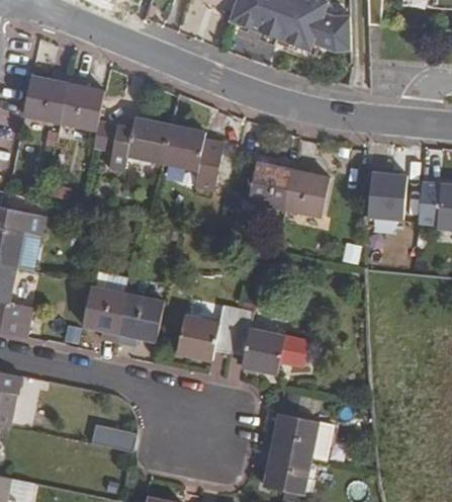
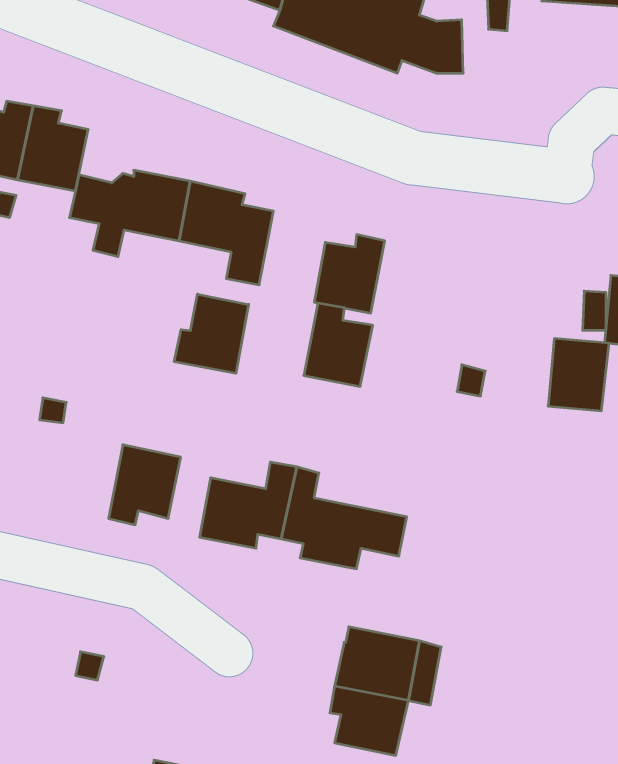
building: [286,162,331,216] -> [304,303,373,386]
building: [368,171,408,218] -> [548,339,609,411]
building: none -> [174,294,249,373]
building: [82,286,126,341] -> none

